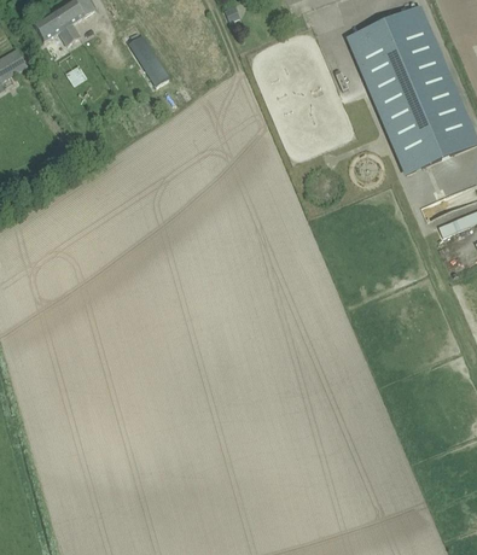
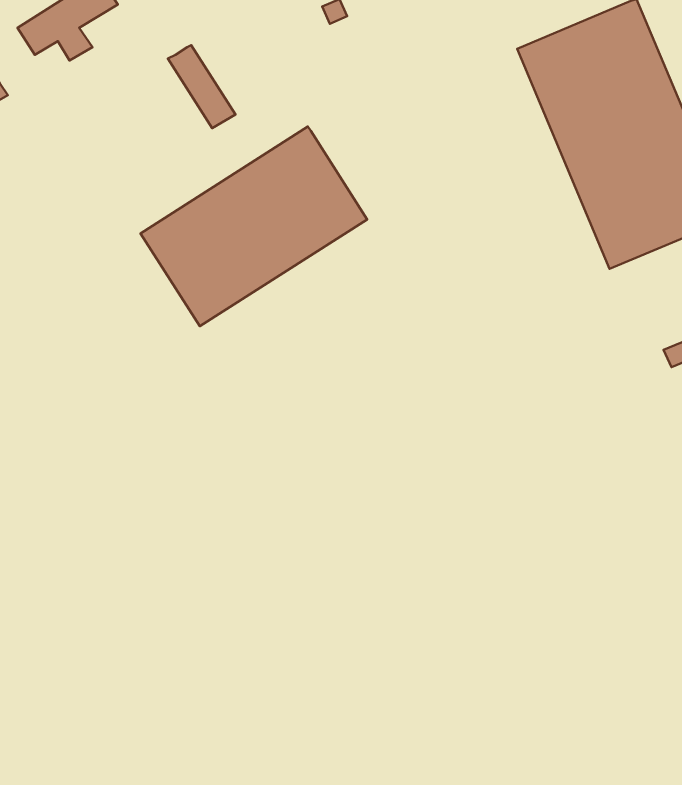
building: none -> [141,127,367,326]

